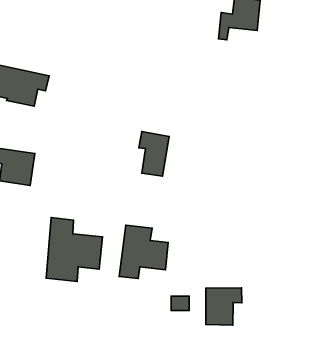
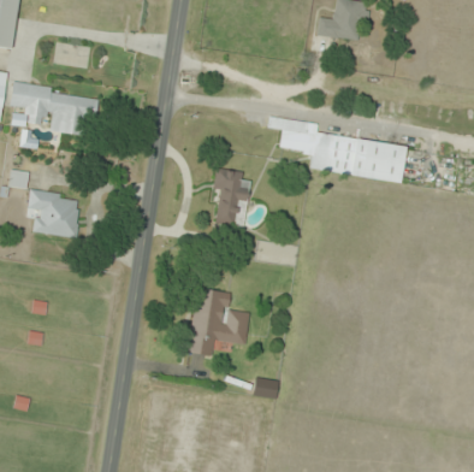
building: none -> [268,116,405,184]
building: [46,218,103,282] -> none
building: [206,288,242,325] -> none

